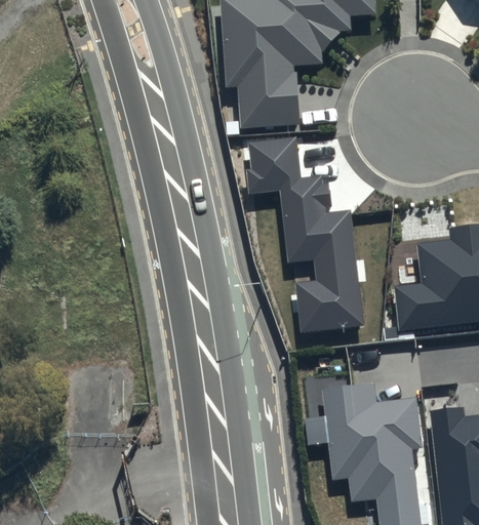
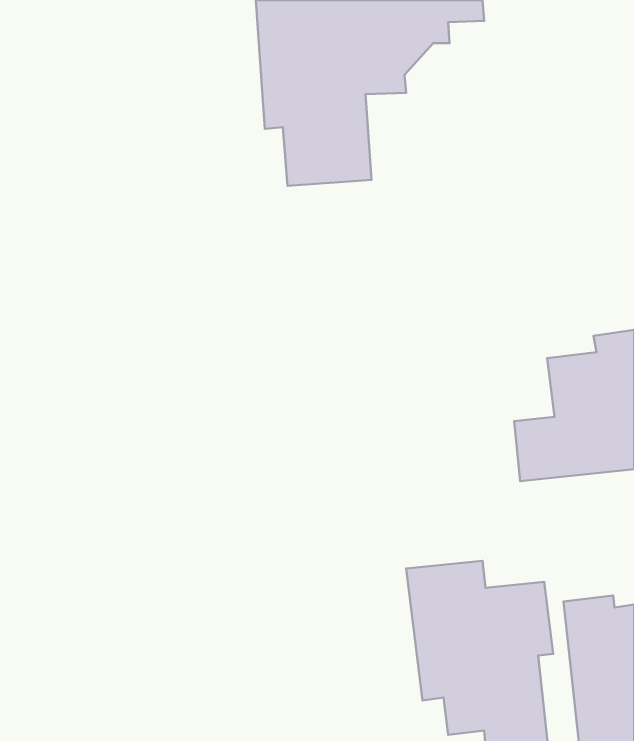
building: [245,137,364,333] -> none

